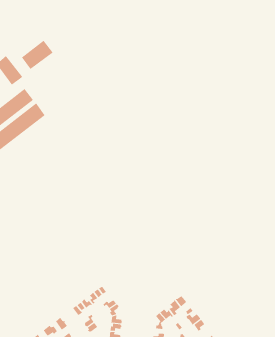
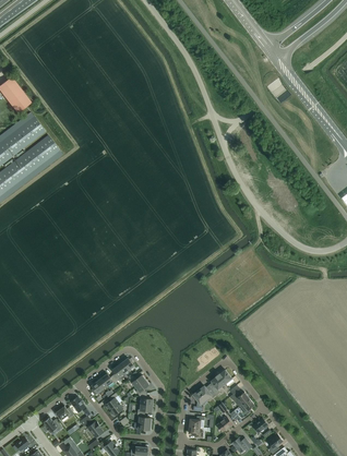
building: [21,40,53,70] -> none

